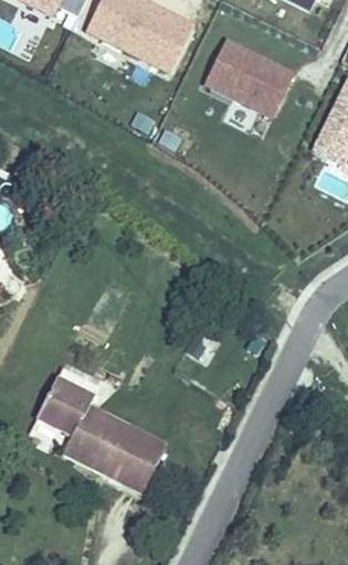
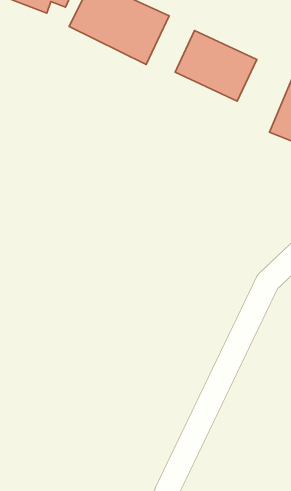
building: [43,376,166,486] -> none

